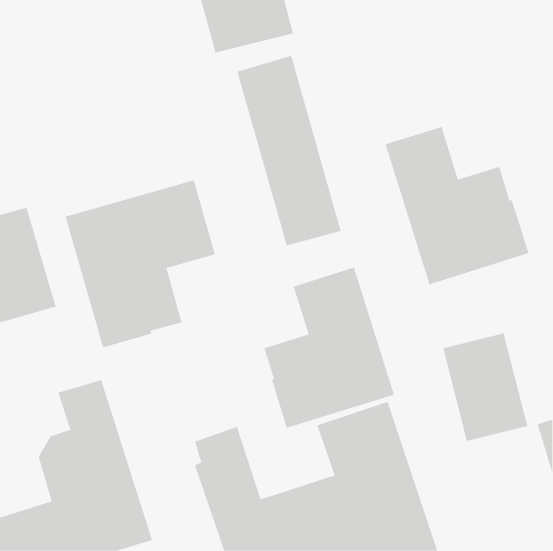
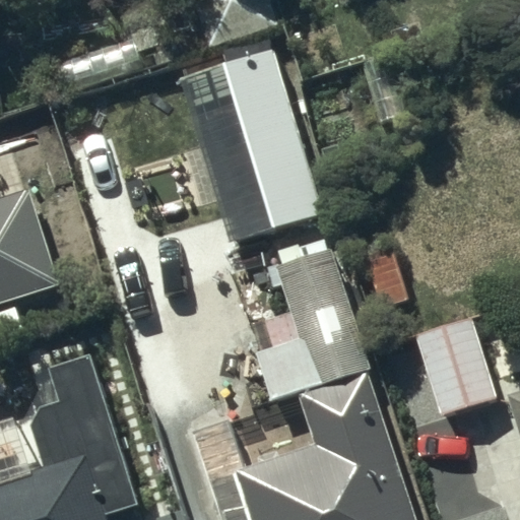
building: [385,126,529,285] -> none
building: [65,179,215,348] -> none

